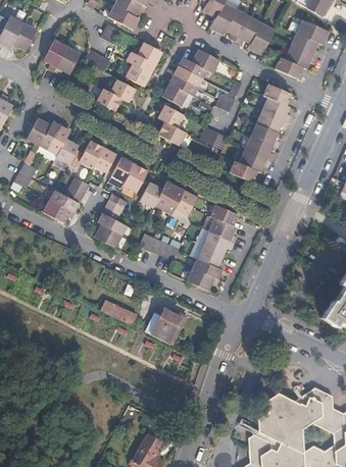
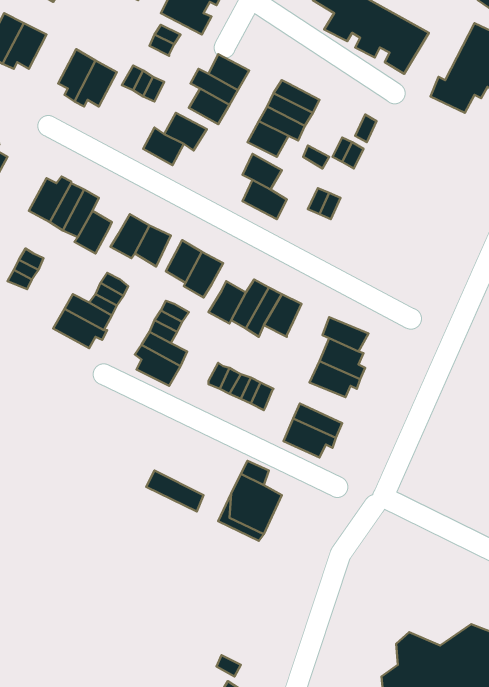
building: [189,47,220,72] -> none
building: [231,83,293,180] -> none
building: [196,246,226,271] -> none

